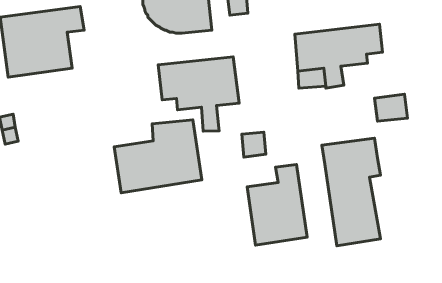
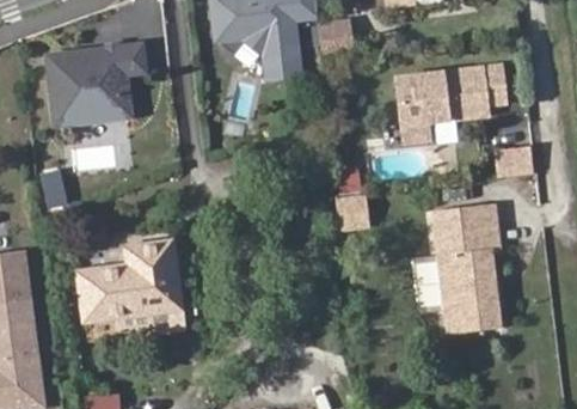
building: [158,57,239,131] -> none
building: [114,120,202,193] -> [79,236,184,323]
building: [247,165,307,245] -> none

